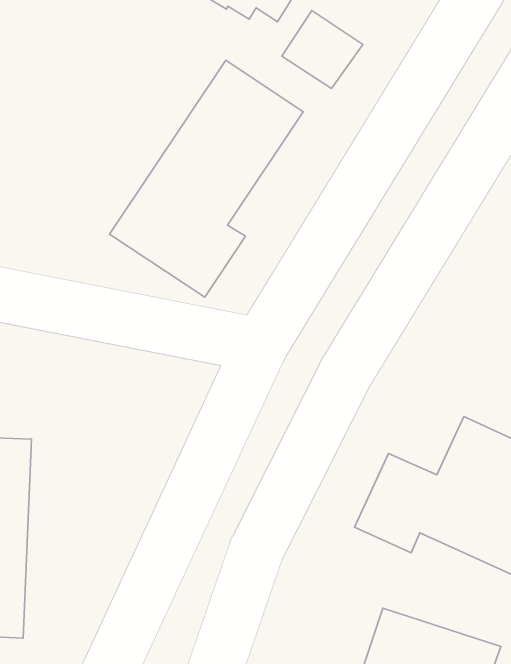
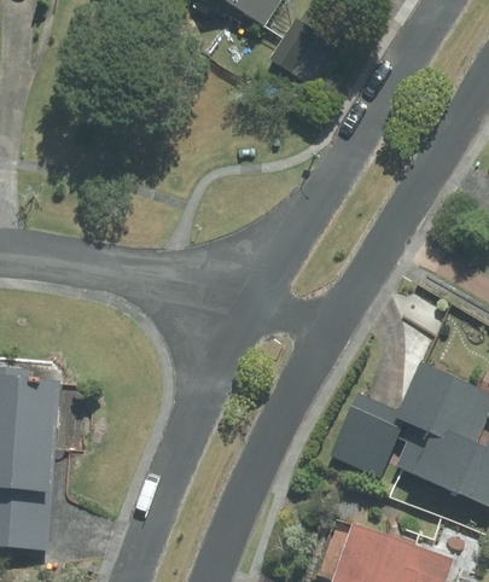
building: [110,60,303,297] -> none

